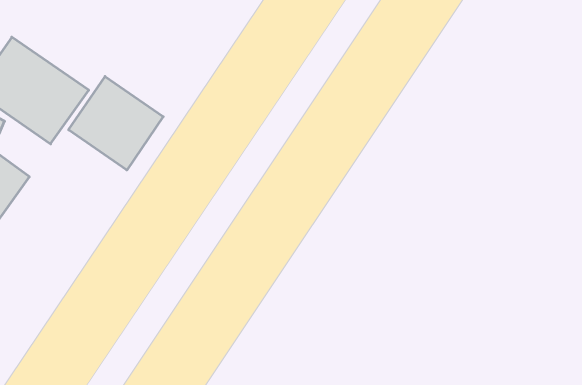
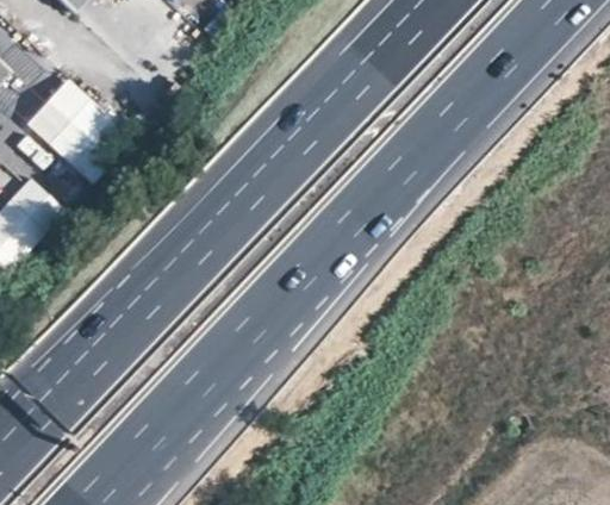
building: [69,76,163,170] -> none

